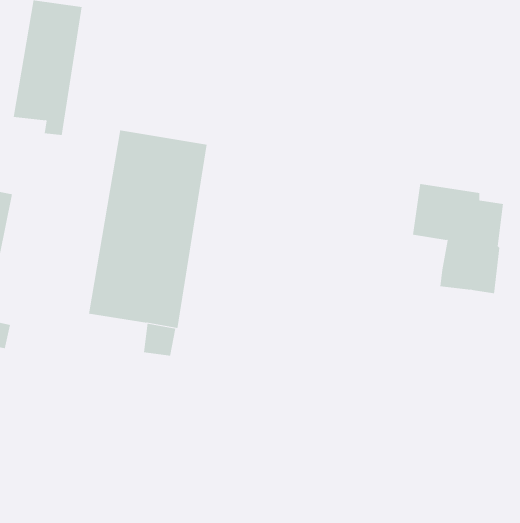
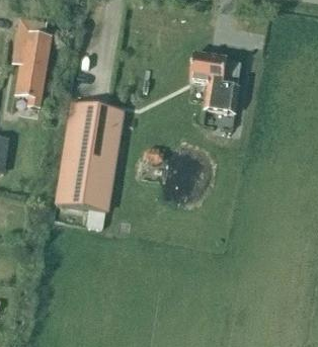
building: [412,183,504,294] -> [191,52,242,112]

